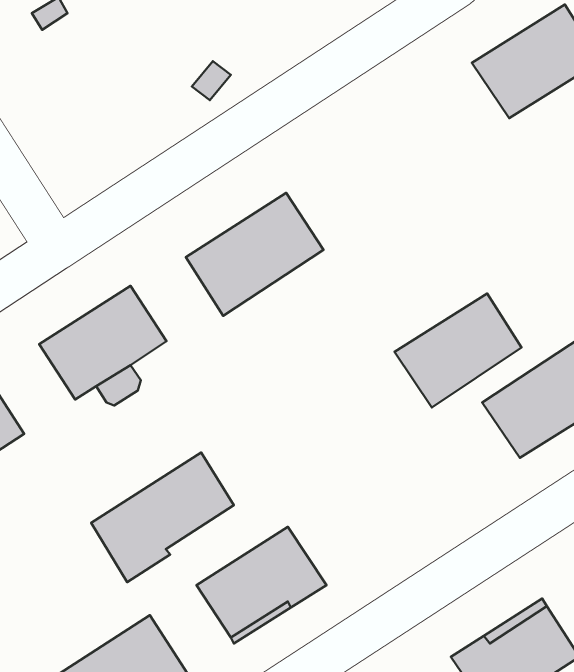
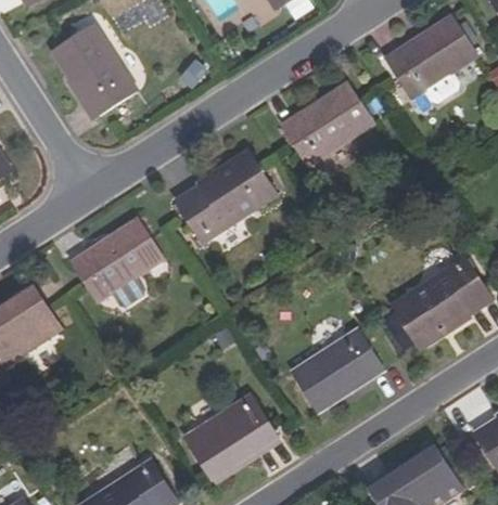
building: none -> [54,25,137,116]
building: none -> [281,85,373,167]
building: [394,294,522,407] -> [292,329,384,412]
building: [91,453,234,582] -> none

